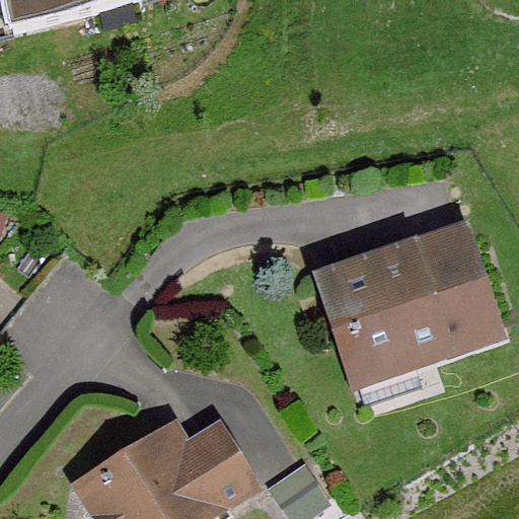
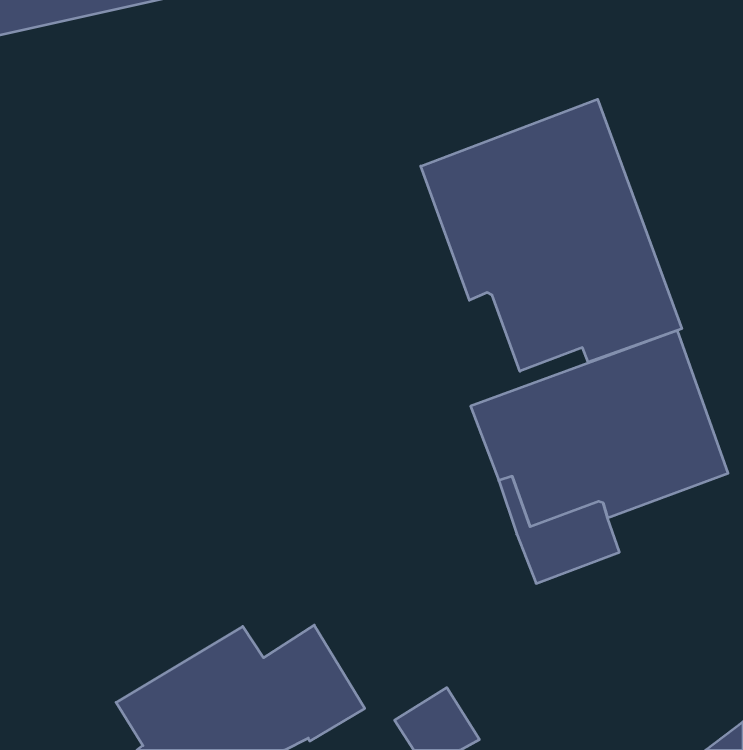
building: none -> [421,99,682,371]

